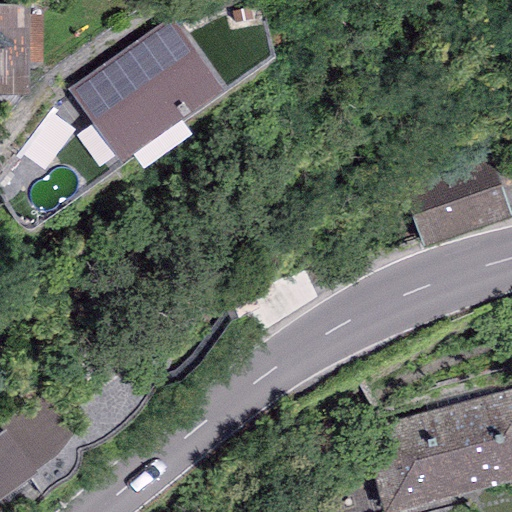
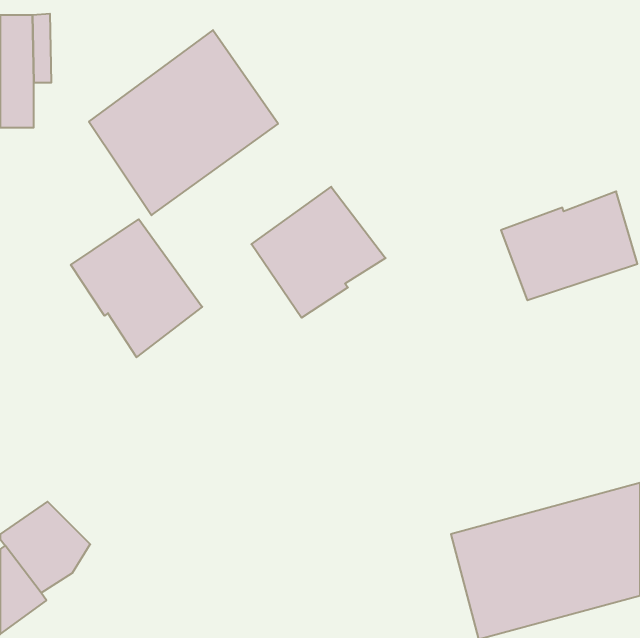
building: none -> [251,187,386,318]
building: none -> [71,219,202,357]

